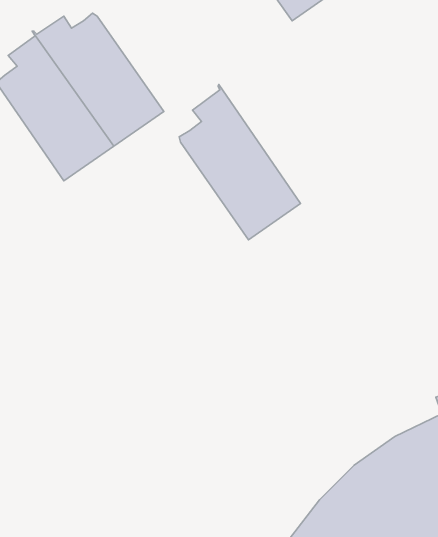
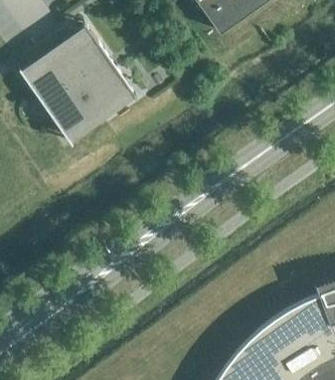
building: [179,85,300,240] -> none

